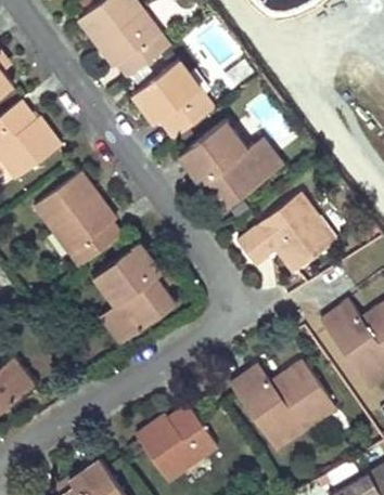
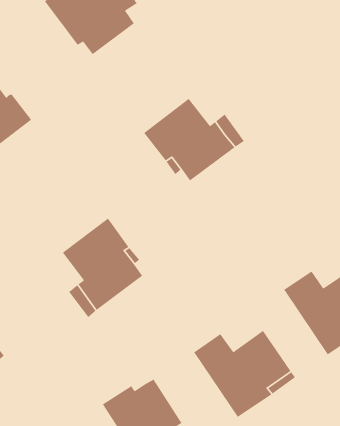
building: [132,62,213,139] -> none
building: [36,171,124,266] -> none
building: [235,193,335,272] -> none

